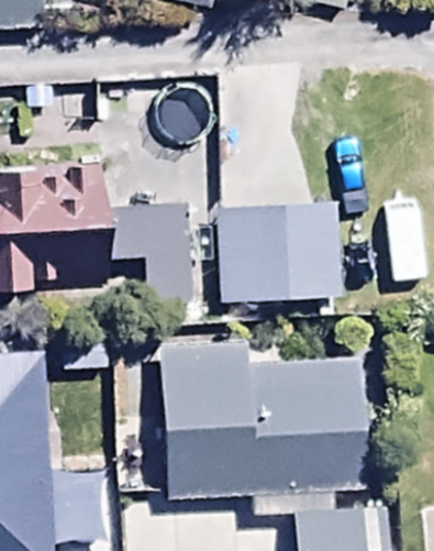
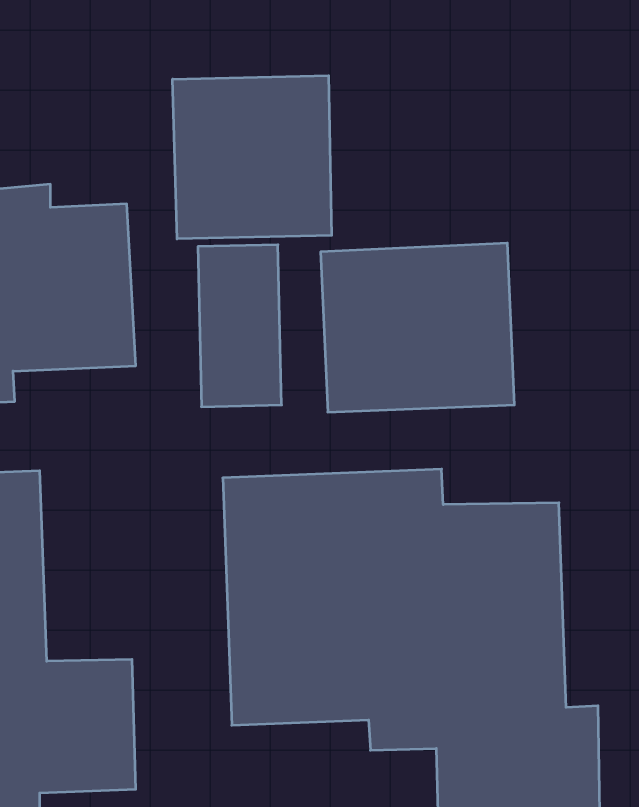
building: none -> [173,76,332,239]

